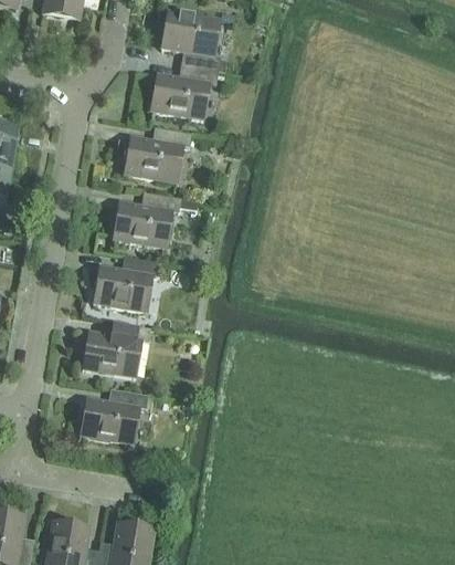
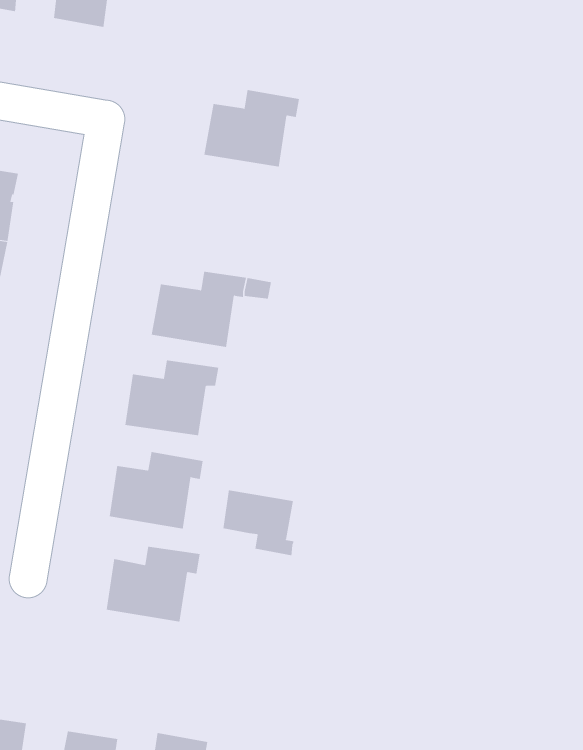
building: [160,11,220,71] -> none
building: [123,127,191,181] -> none
building: none -> [223,490,294,556]

